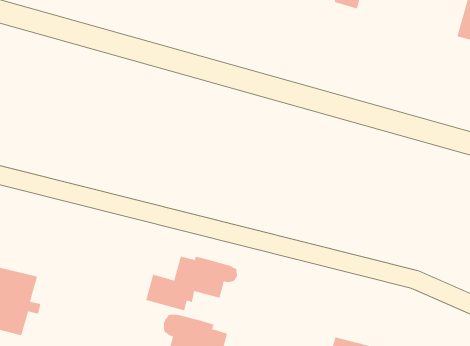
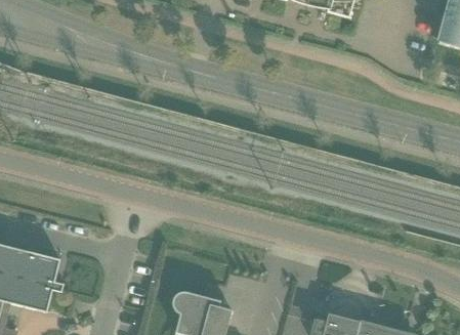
building: [146,256,238,311] -> none

